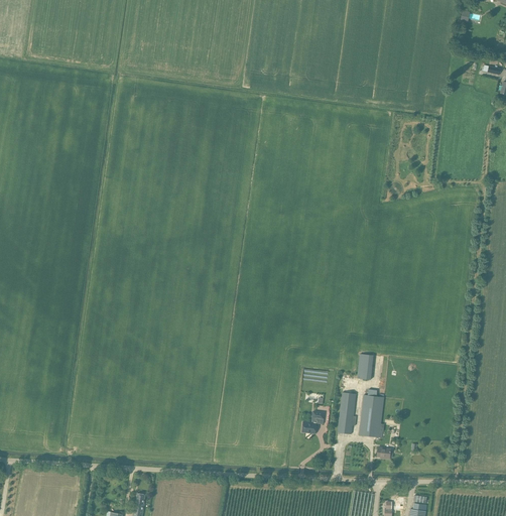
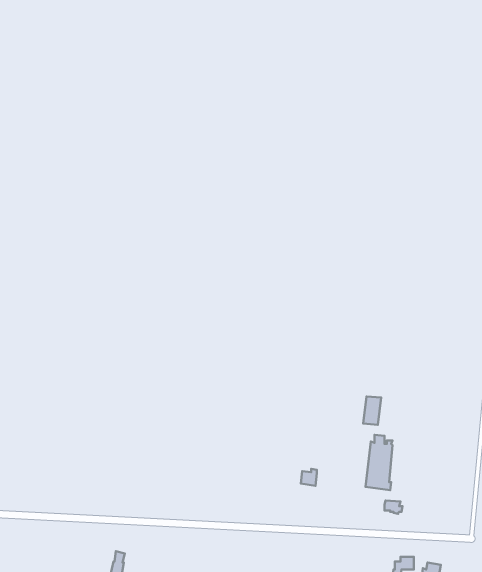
building: [338,392,356,432] -> none

